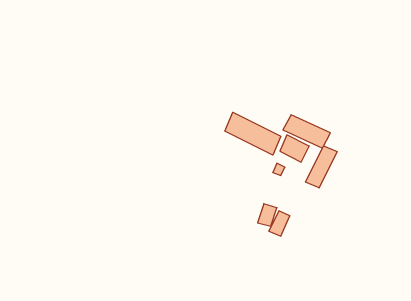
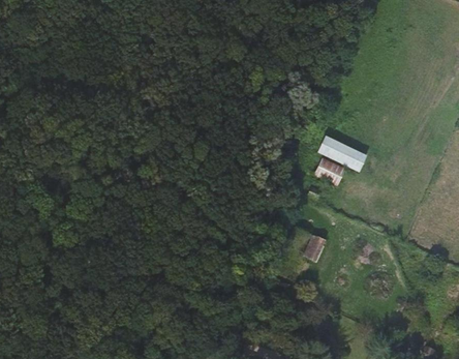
building: [225,112,281,155] -> none
building: [305,146,337,188] -> none

